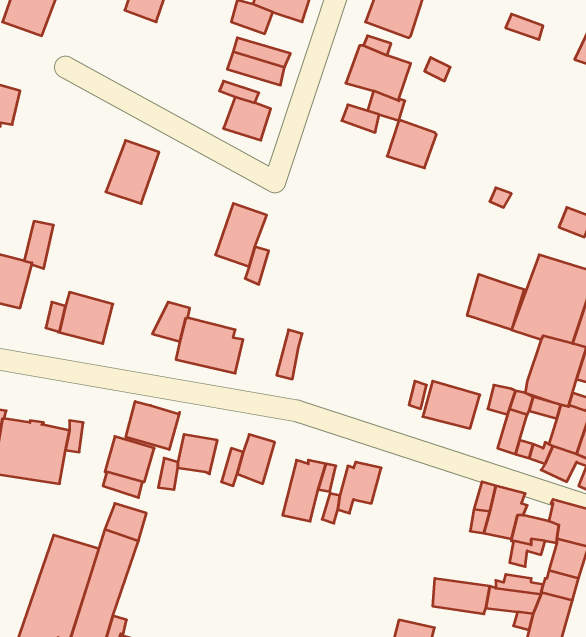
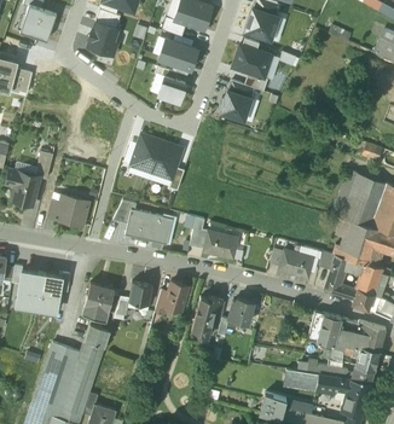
building: none -> [88,22,118,54]
building: [387,121,436,168] -> [221,89,251,118]
building: [106,140,159,204] -> [131,133,163,172]
building: [467,274,525,330] -> none
building: none -> [203,230,238,259]
building: [126,401,180,450] -> none

